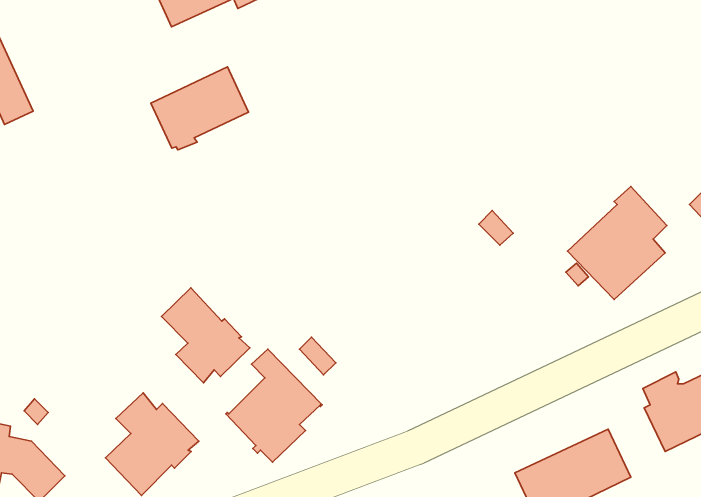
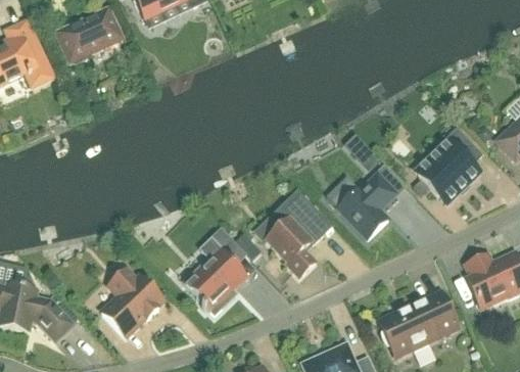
building: [151,67,249,150] -> [56,6,123,62]
building: none -> [338,173,396,238]
building: [162,288,250,383] -> none
building: none -> [267,200,324,276]

